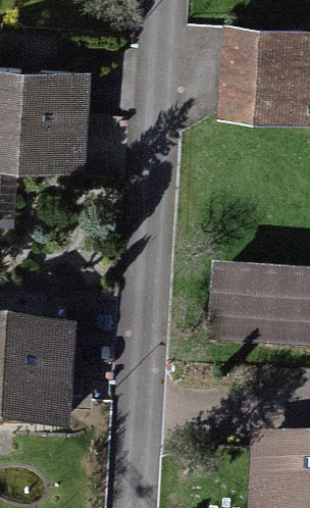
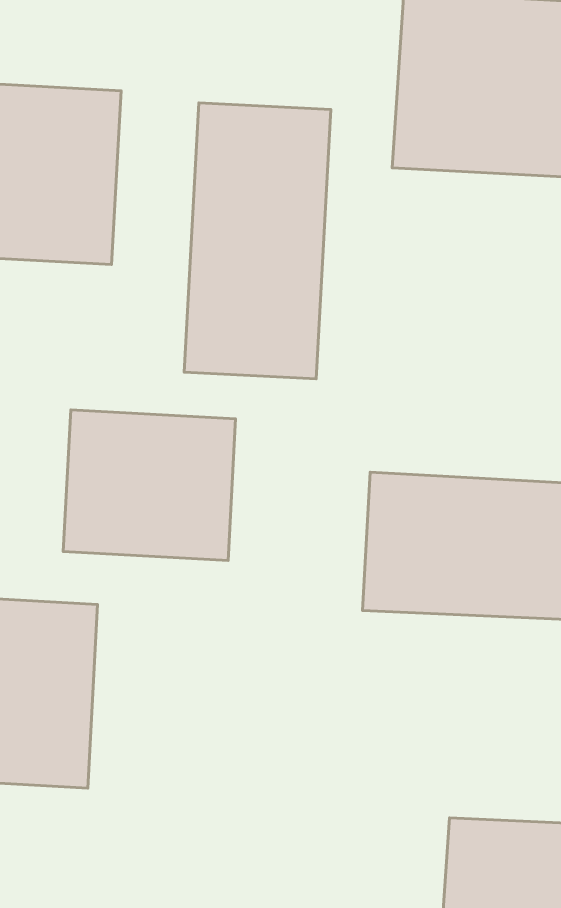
building: none -> [184,103,331,379]
building: none -> [63,410,236,561]

